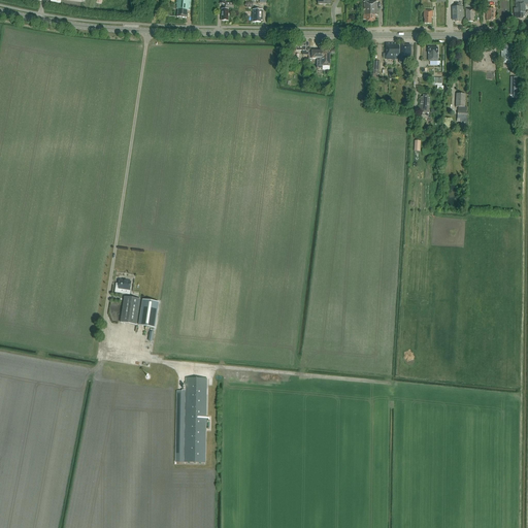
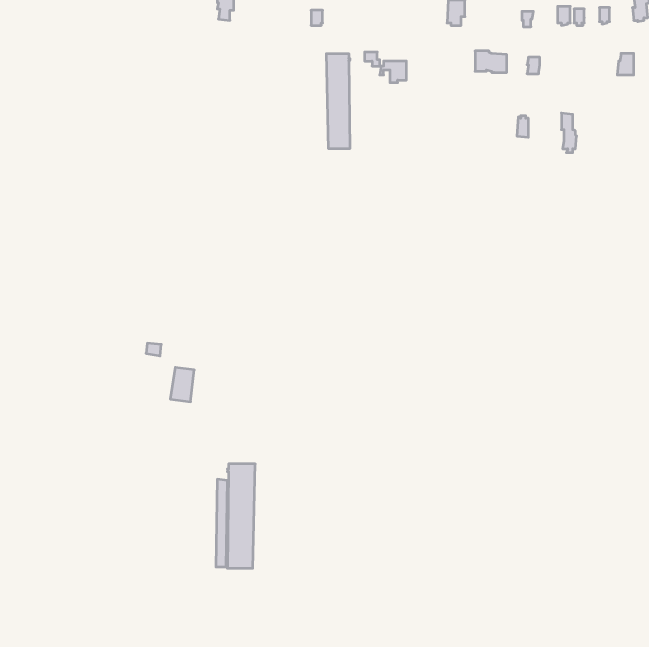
building: none -> [326,54,350,149]
building: [120,295,139,323] -> none

